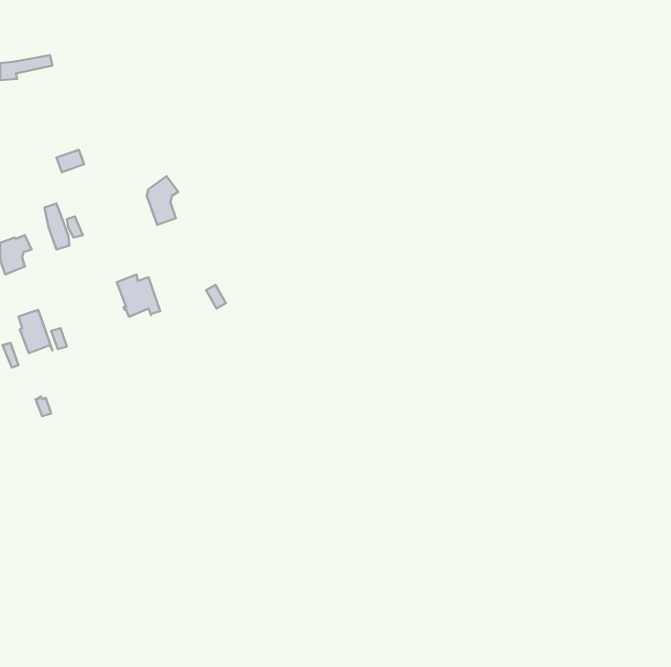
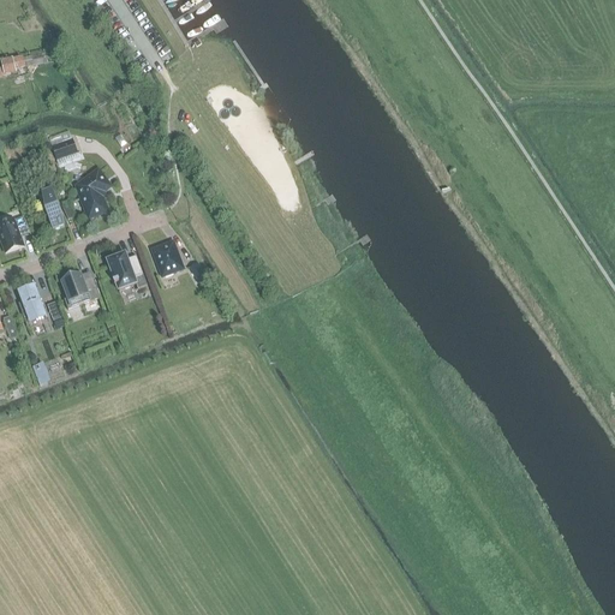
building: [147,176,178,225] -> [79,171,108,215]
building: none -> [151,240,183,275]
building: none -> [61,274,100,308]

